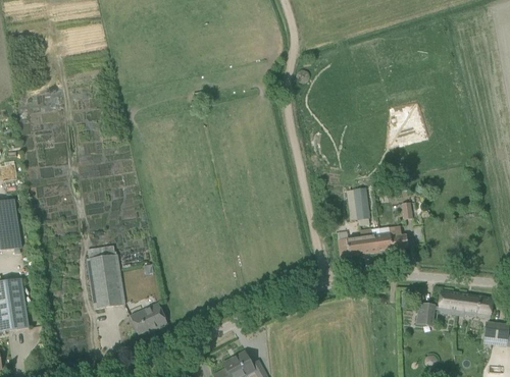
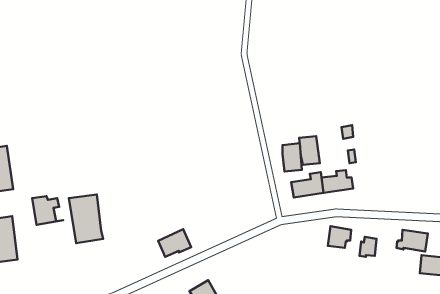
building: none -> [282,143,302,172]
building: none -> [32,196,63,225]
building: [438,289,464,314] -> [328,226,351,248]
building: [130,303,167,334] -> [158,229,191,257]

